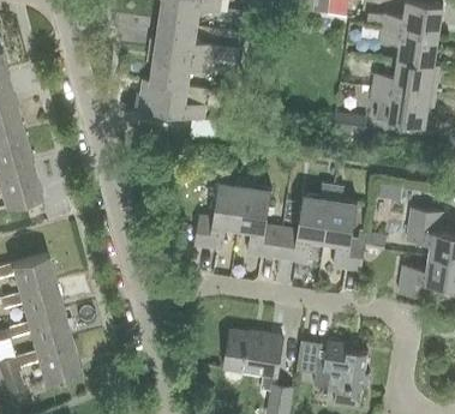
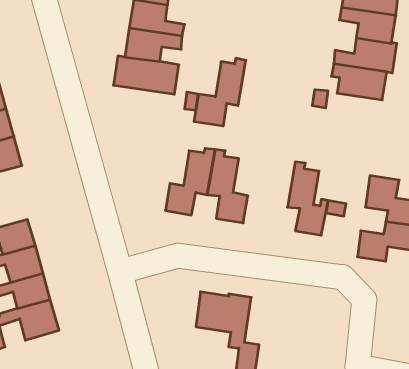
building: [276,190,331,262] -> [194,58,246,126]
building: [297,340,370,407] -> none

